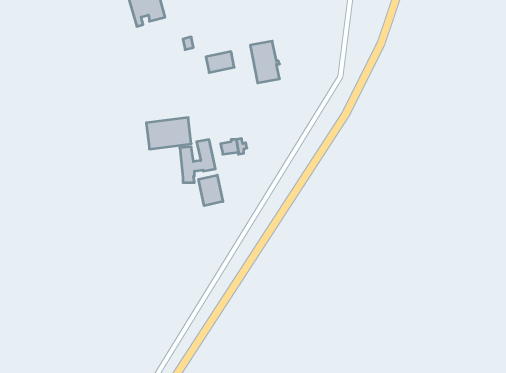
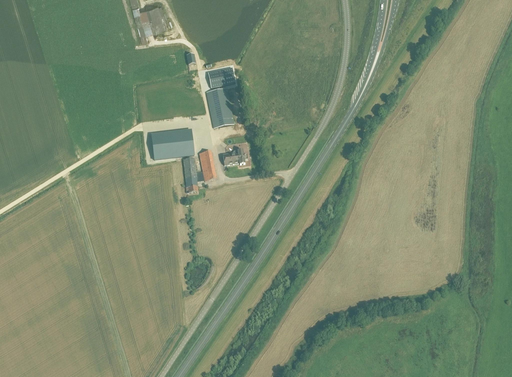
building: [250,41,280,83] -> [206,87,234,127]
building: [199,175,223,206] -> none

